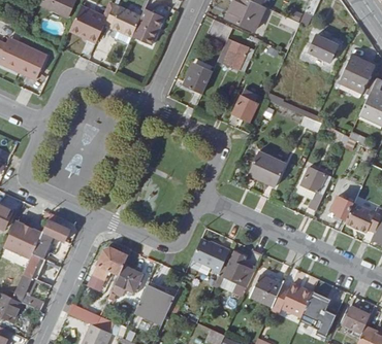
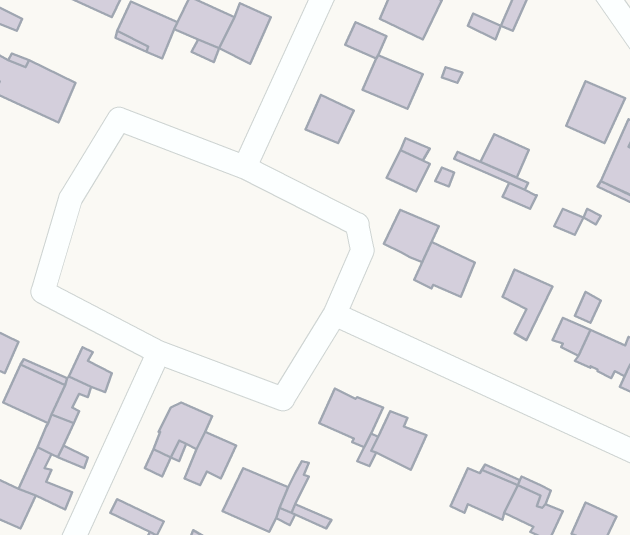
building: [309,35,338,61] -> [480,134,529,177]
building: none -> [384,210,439,262]
building: [250,274,282,306] -> none

